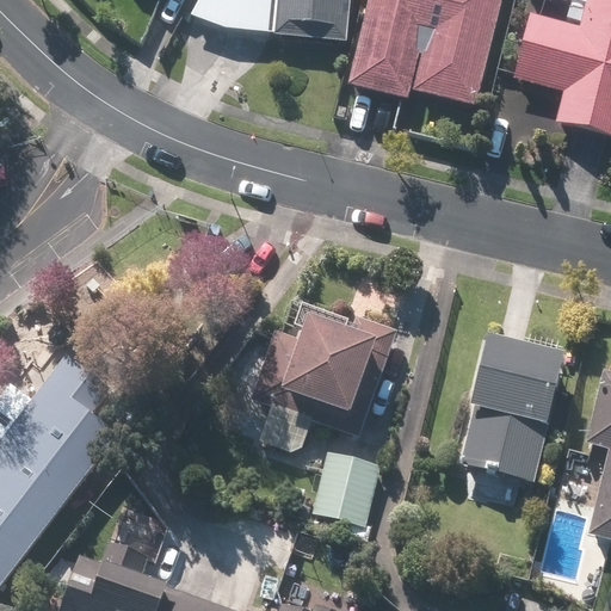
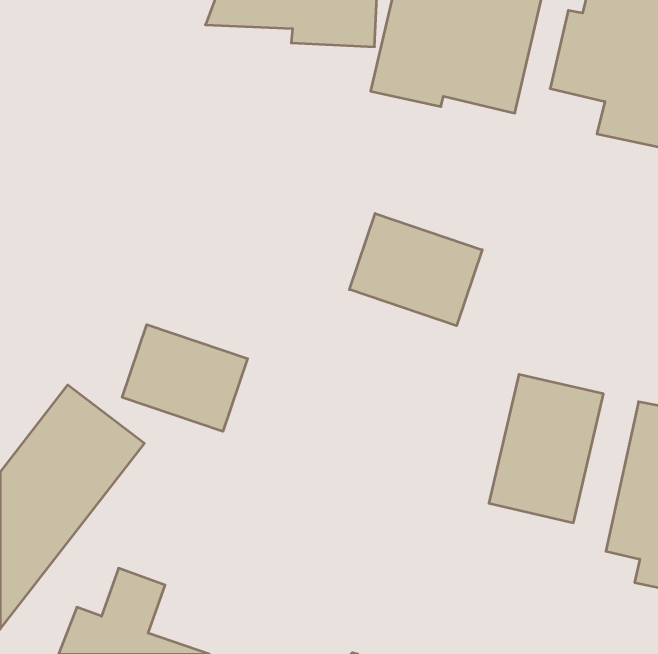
building: none -> [349,213,482,326]
building: [248,295,399,525] -> none
building: none -> [122,325,248,431]

